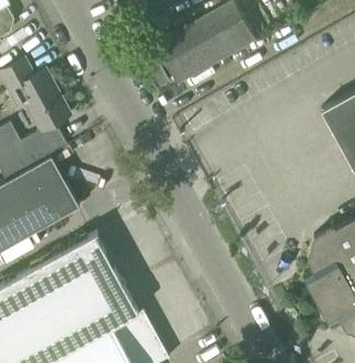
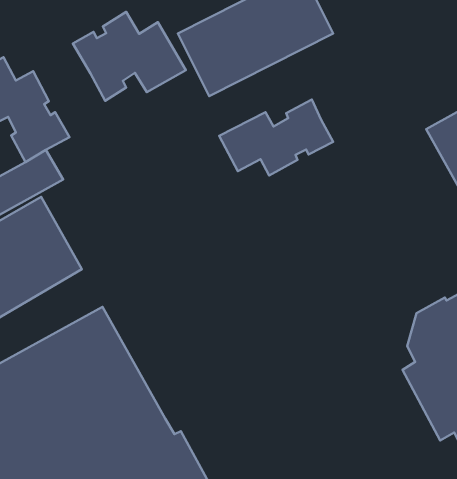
building: none -> [73,12,186,101]
building: none -> [219,99,333,175]

